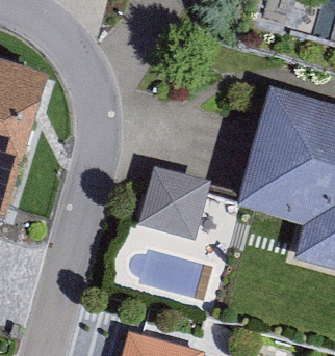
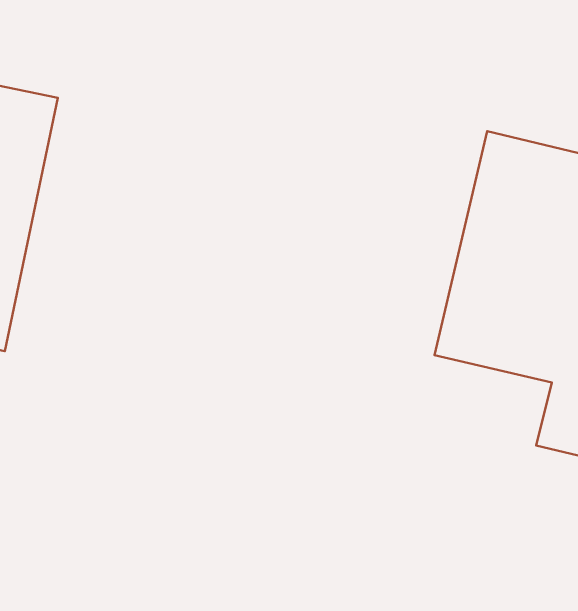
building: [149,161,221,232] -> none

